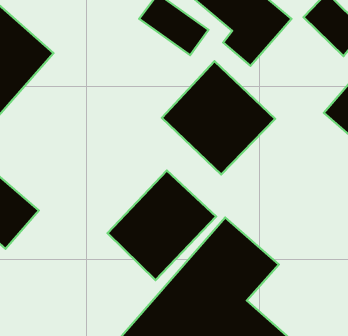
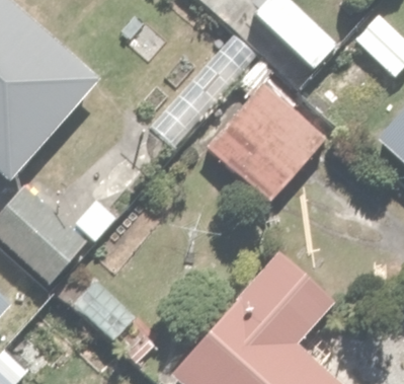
building: [107,171,216,280] -> none

